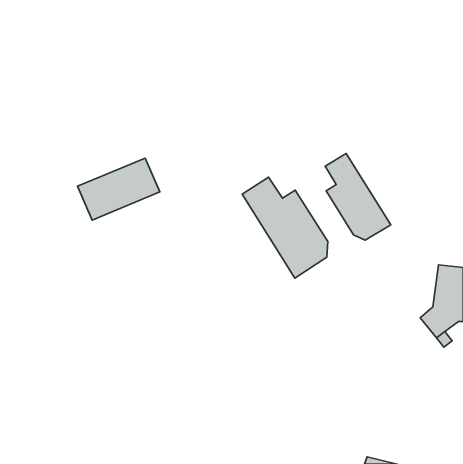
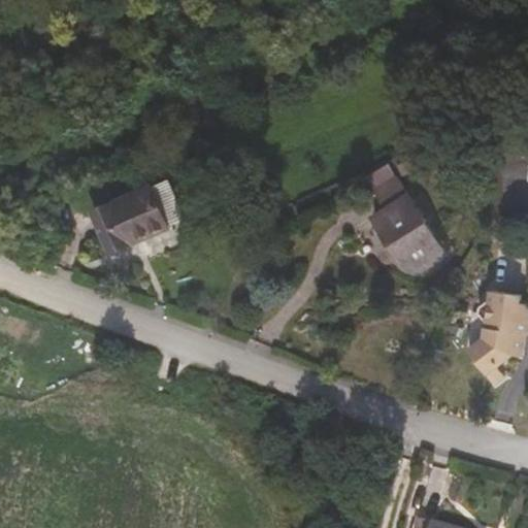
building: [242,177,328,278] -> none

